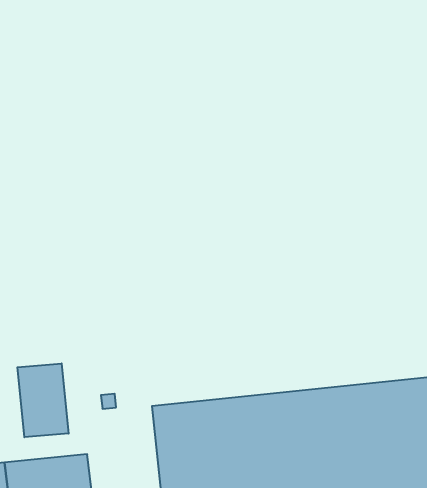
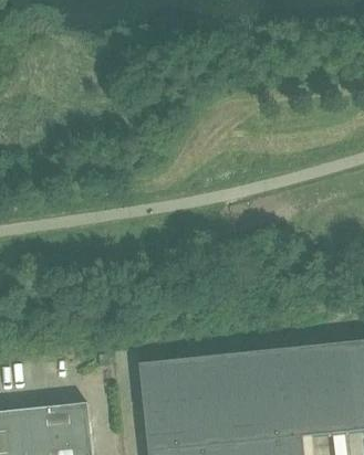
building: [17,363,69,437] -> none

